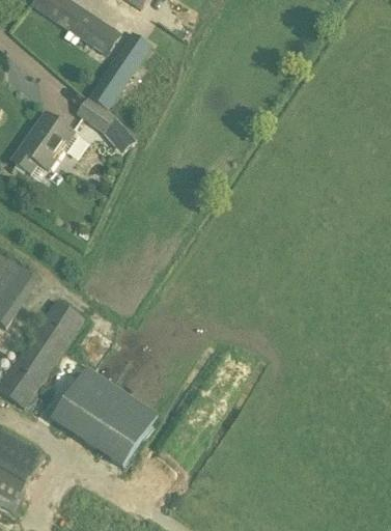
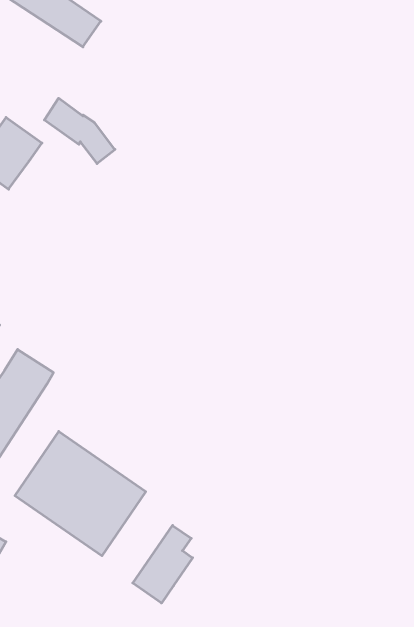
building: [87,30,150,111] -> none
building: none -> [133,525,193,603]

